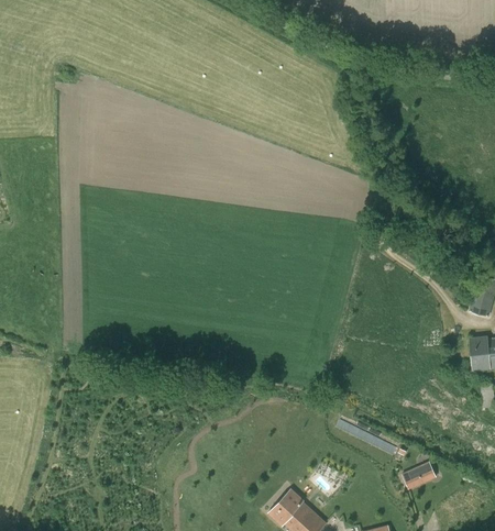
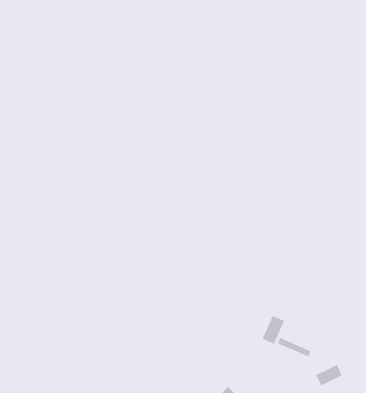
building: none -> [262,315,285,344]

